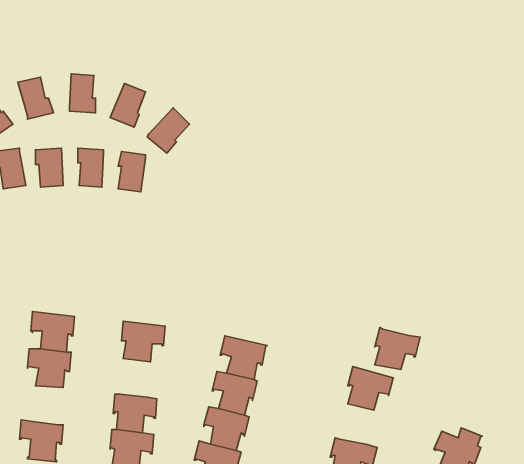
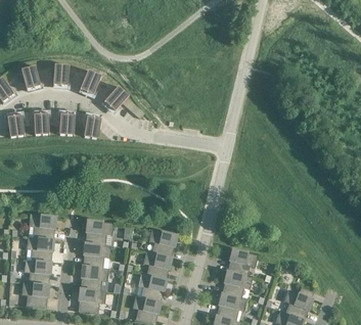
building: [375,328,420,370] -> [223,270,252,296]
building: none -> [82,242,110,267]
building: none -> [22,259,51,284]

